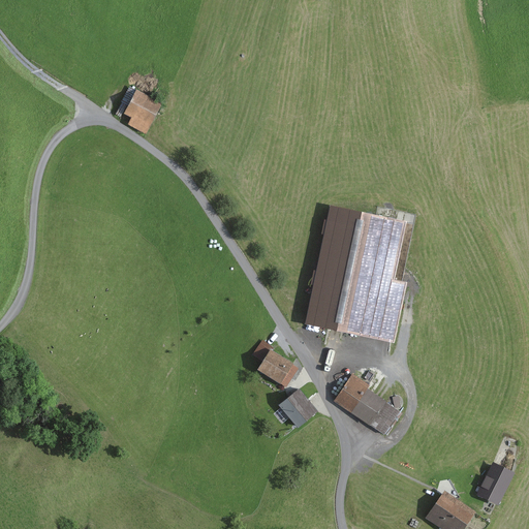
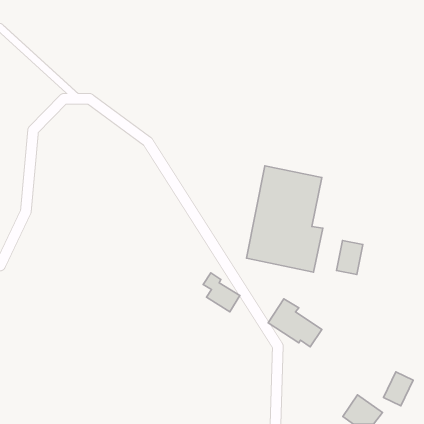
building: [124,91,162,133] -> none
building: none -> [336,240,363,275]
building: [278,391,316,430] -> none

